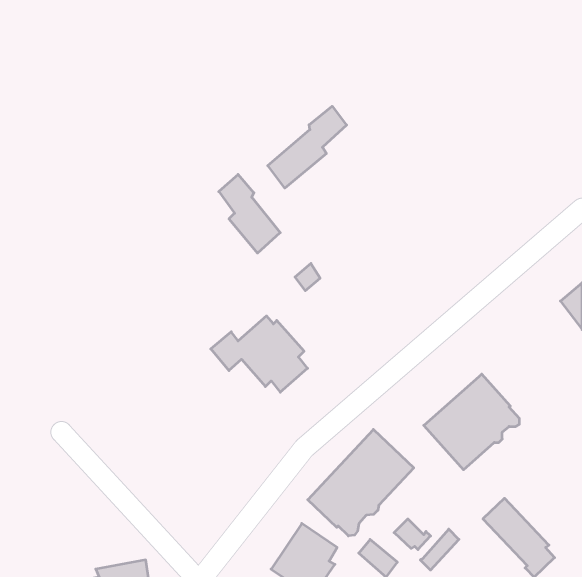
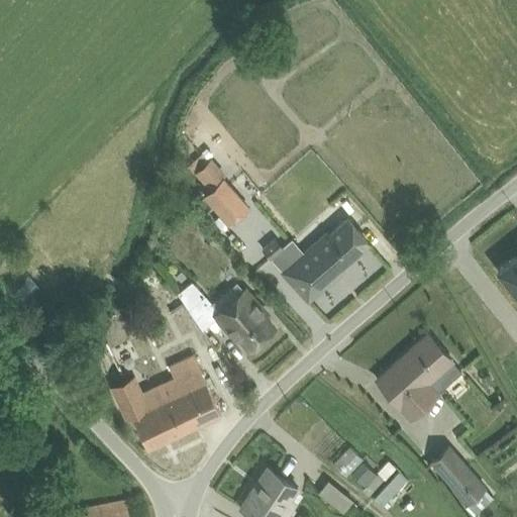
building: [268,106,347,188] -> none
building: none -> [281,221,368,304]
building: none -> [113,358,220,451]
building: [308,429,414,536] -> none

